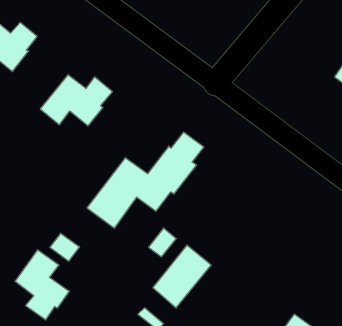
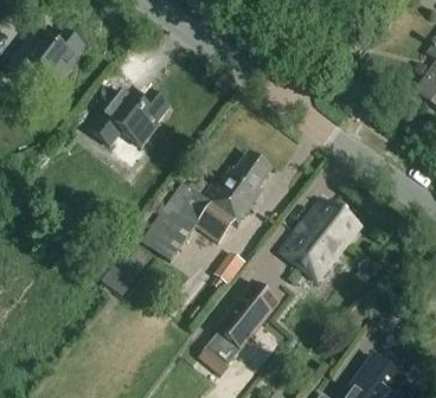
building: none -> [281,197,361,278]
building: [15,250,69,320] -> none

